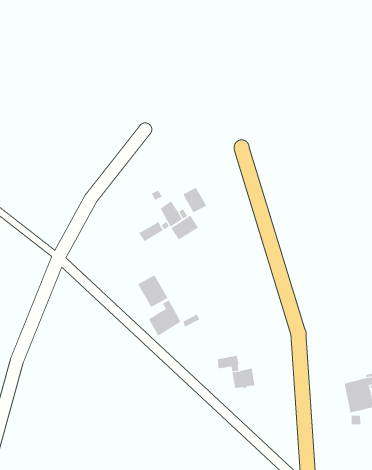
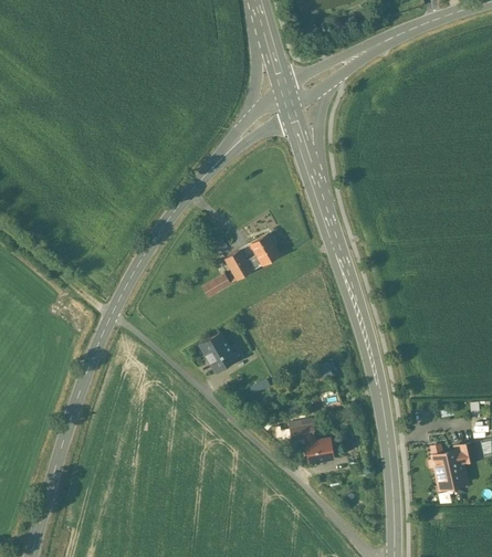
building: [170,215,199,240] -> none
building: [148,299,181,336] -> none

